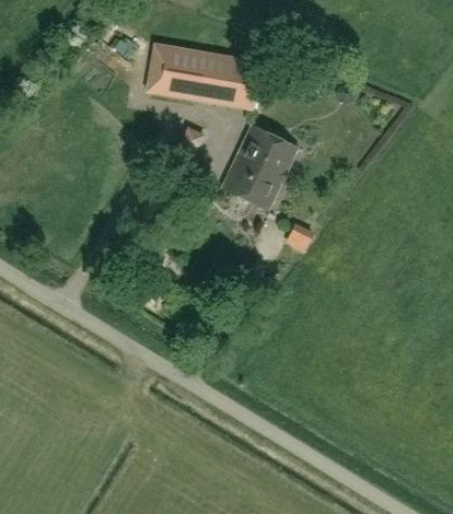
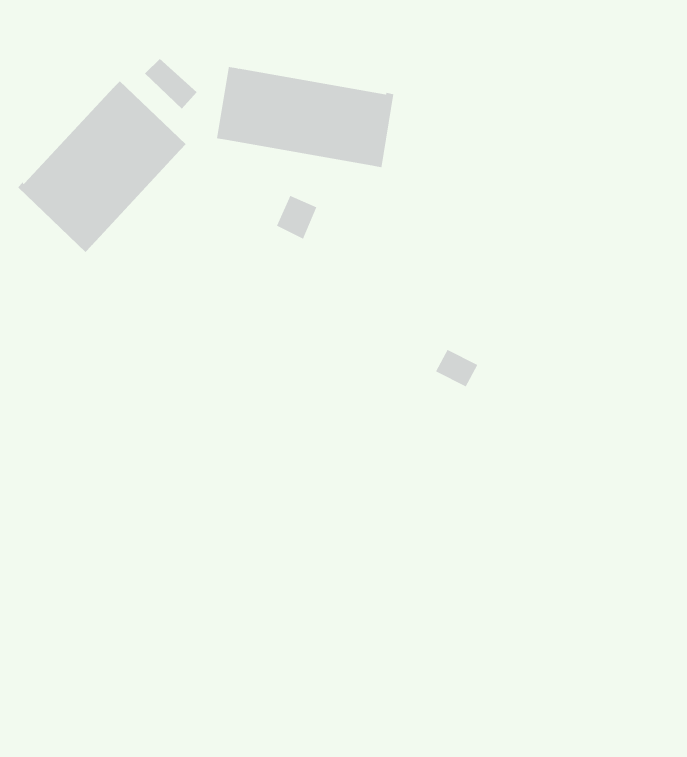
building: none -> [17,80,187,253]
building: [220,124,298,210] -> none

